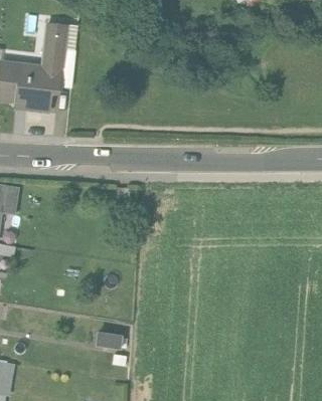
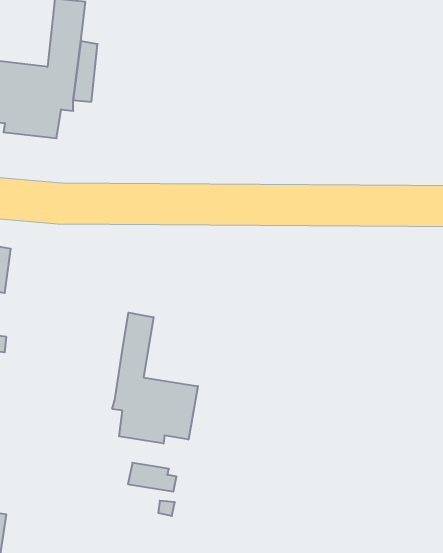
building: none -> [112,313,198,444]

